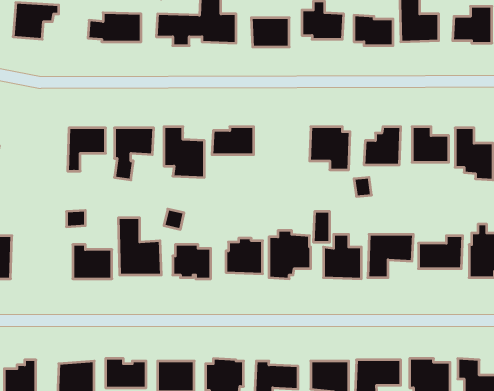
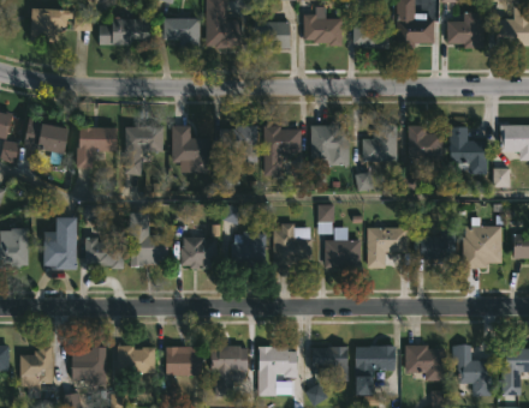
building: none -> [23,116,72,164]
building: none -> [263,125,301,175]
building: none -> [42,217,77,269]

